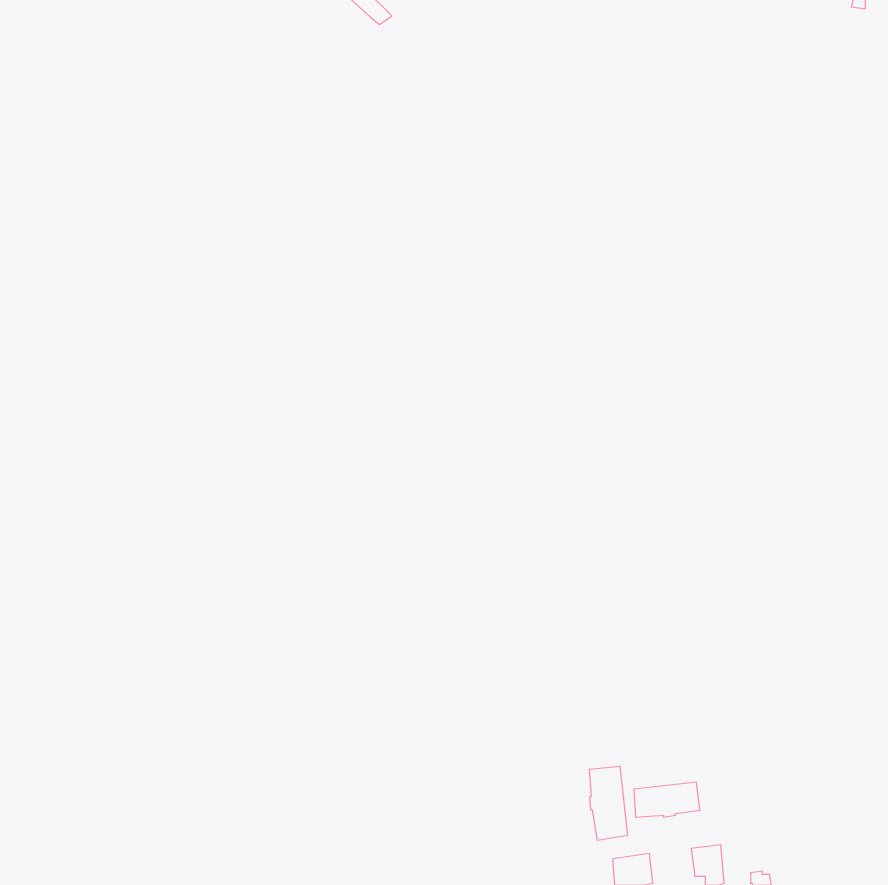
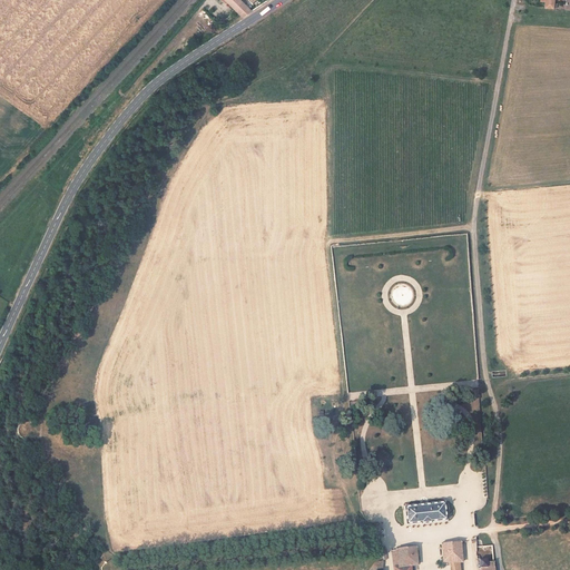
building: [589,766,628,840] -> none

